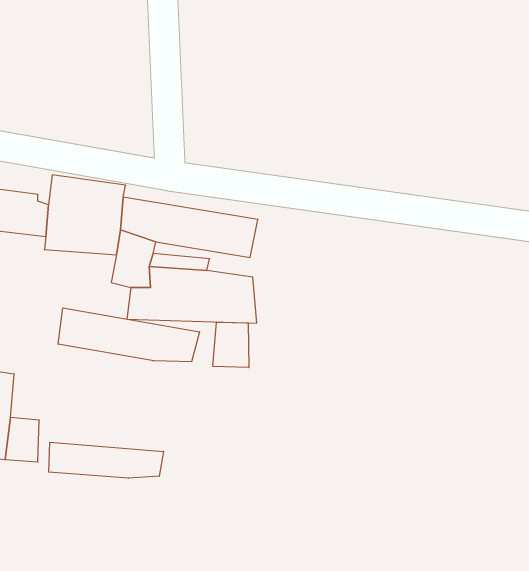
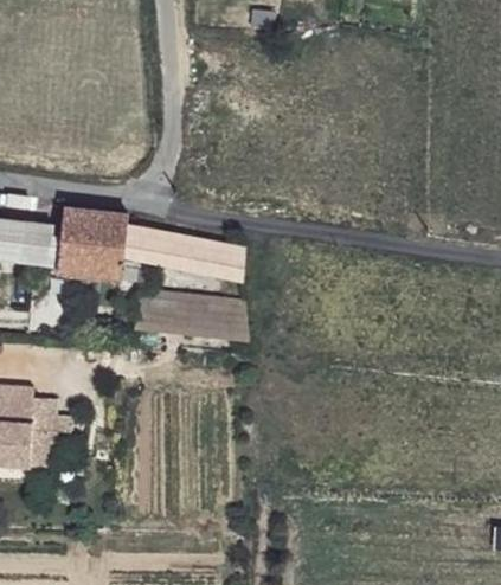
building: [58,308,200,362] -> none
building: [213,322,249,368] -> none
building: [49,442,164,478] -> none

